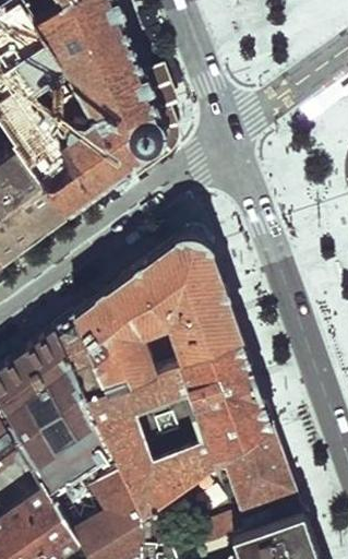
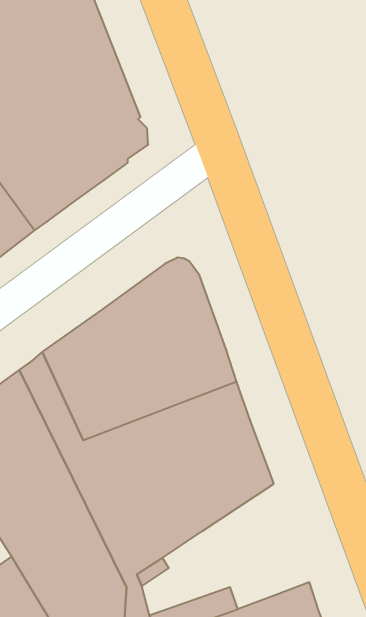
building: [206,435,298,530] -> none

